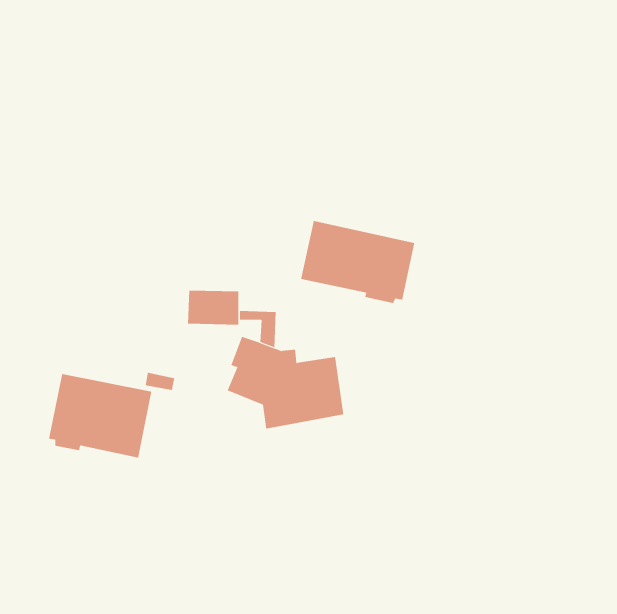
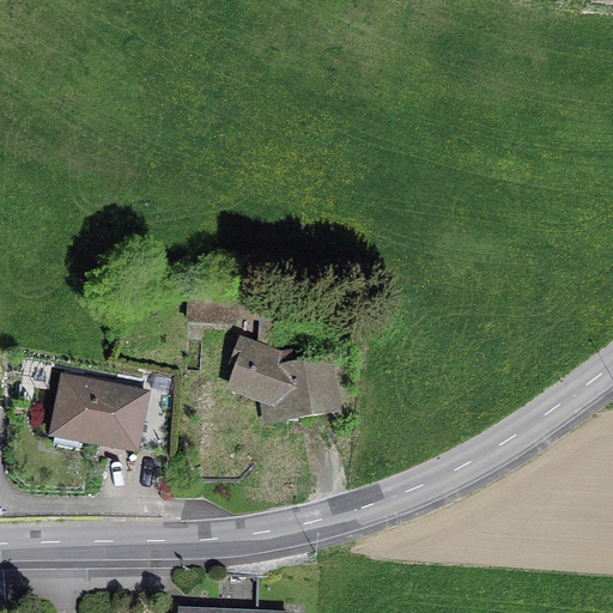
building: [301,220,415,304] -> none

